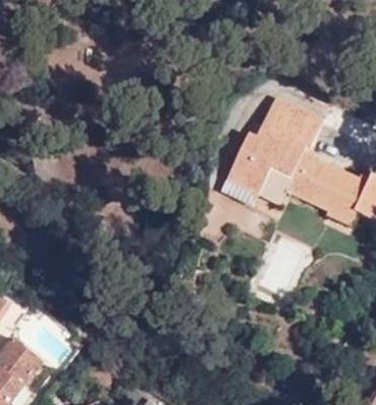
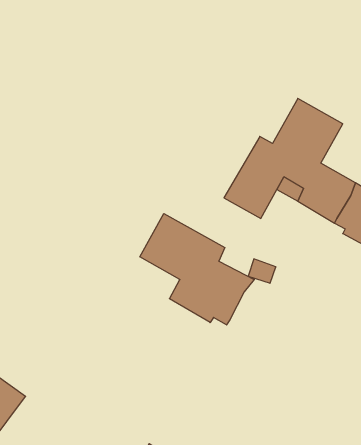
building: none -> [140,214,254,325]

